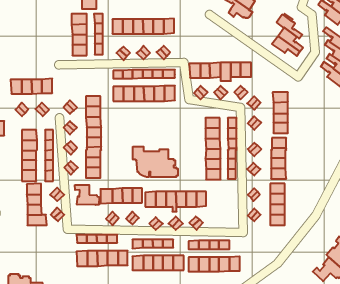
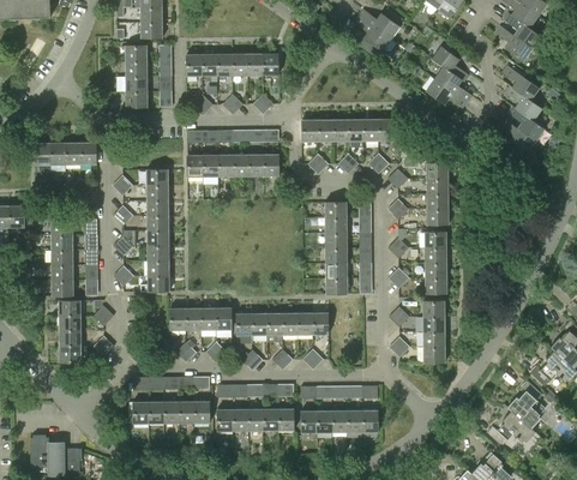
building: [133,147,178,177] -> none
building: [75,185,99,205] -> none

